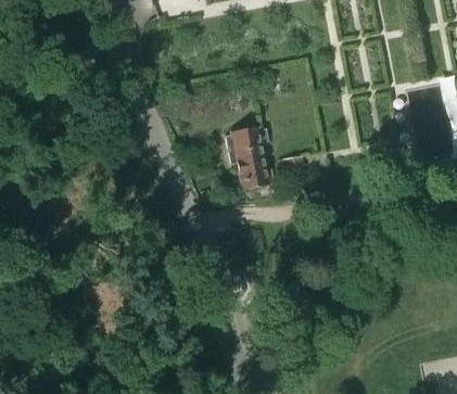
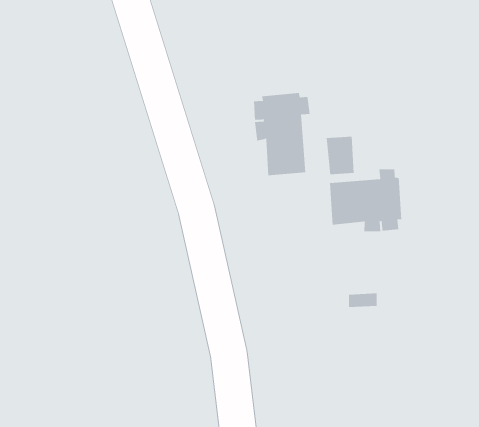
building: none -> [329,169,402,232]

